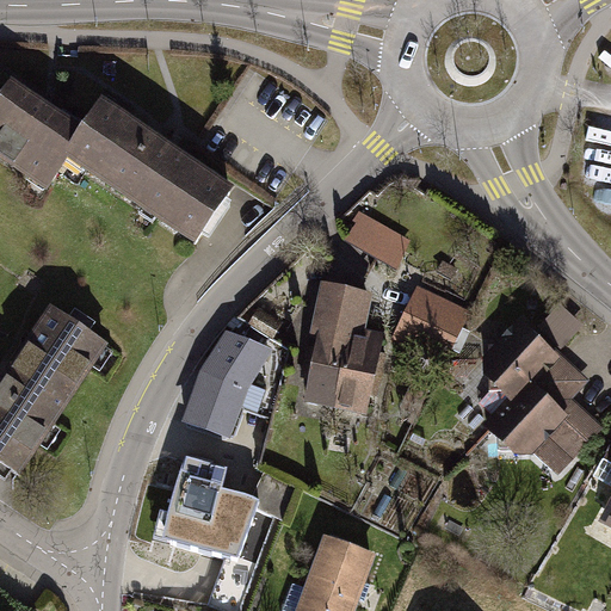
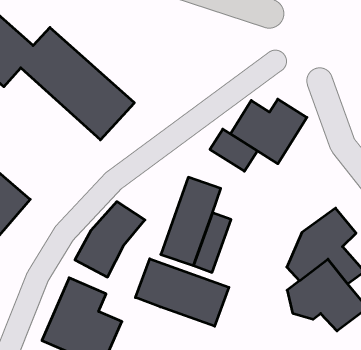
building: none -> [230,99,307,164]
building: [401,278,475,353] -> none
building: none -> [135,259,229,326]

